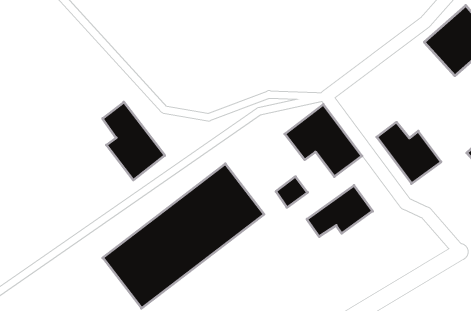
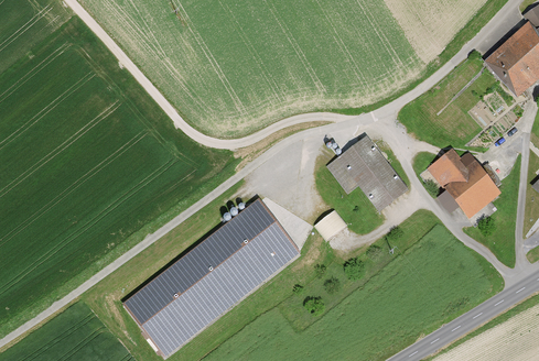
building: [103,102,165,180] -> none
building: [307,185,373,237] -> none

